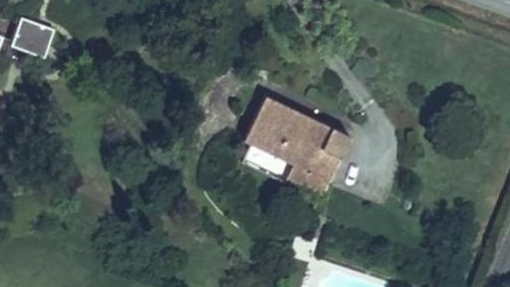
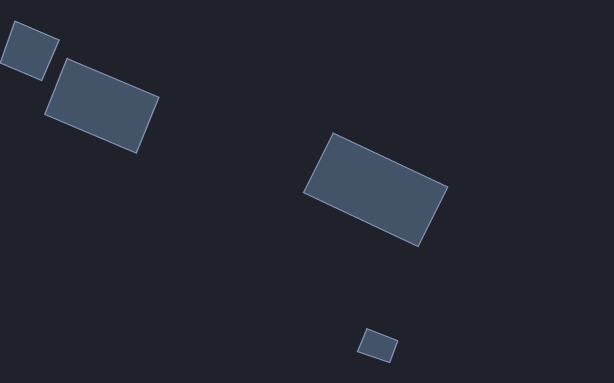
building: none -> [45,58,159,153]

